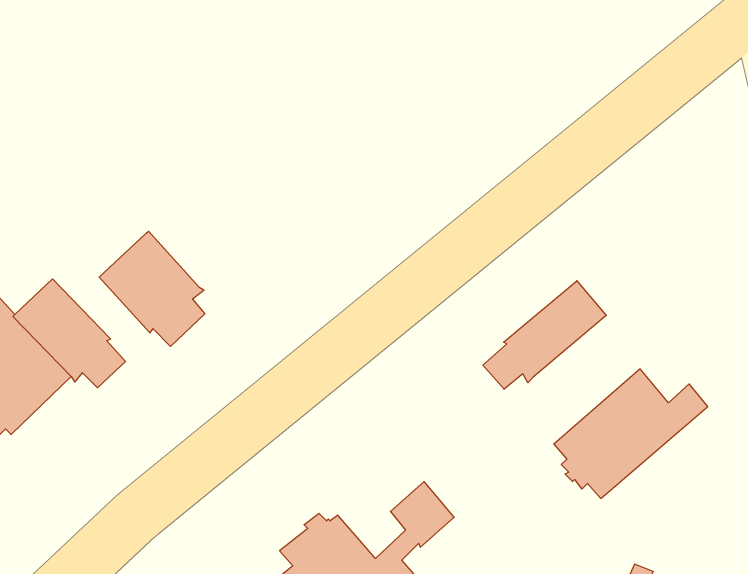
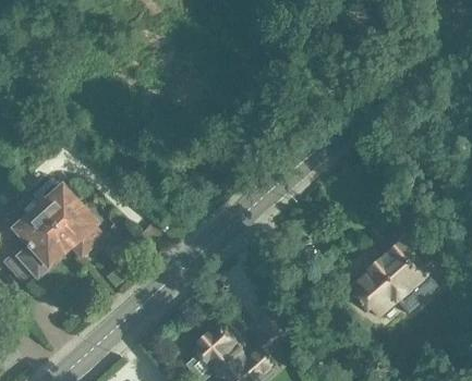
building: [99,231,205,346] -> none
building: [483,281,606,389] -> none

